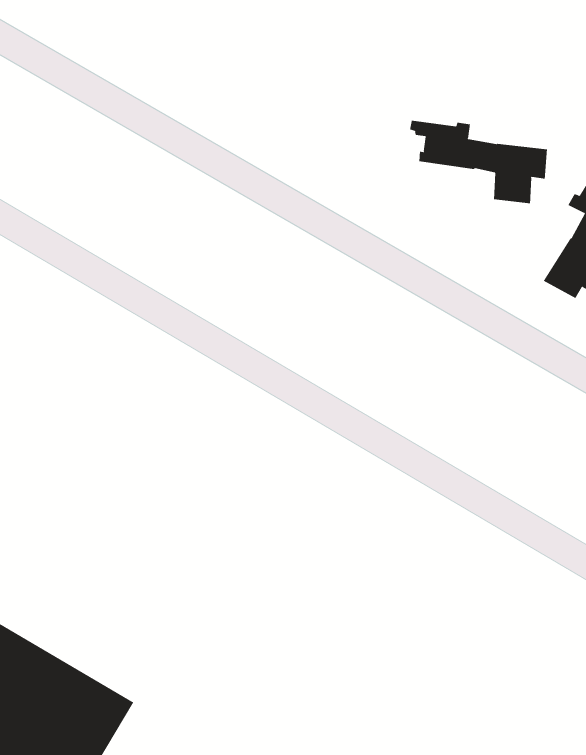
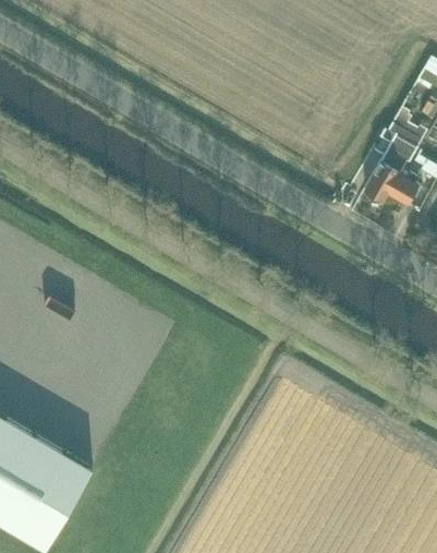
building: [409,120,548,204] -> none

